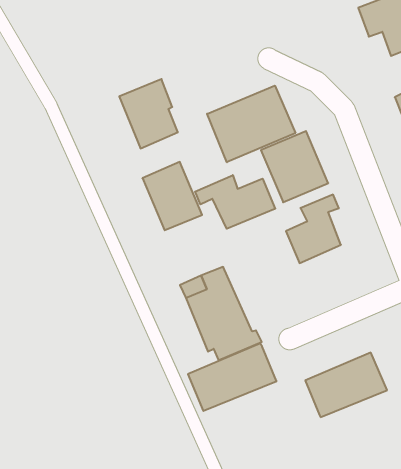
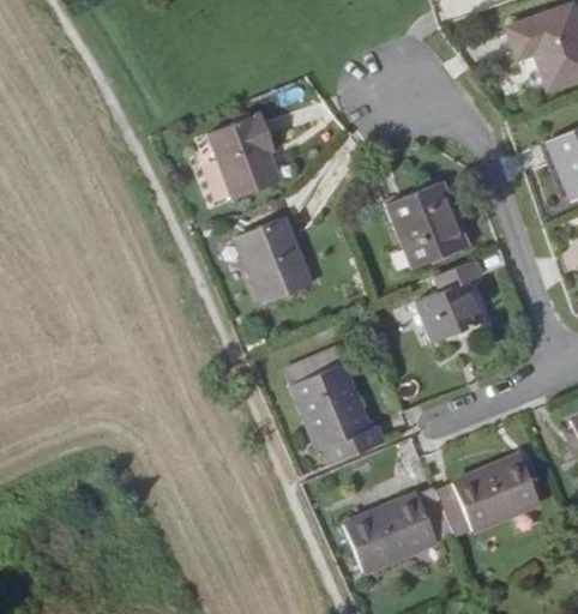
building: [207,86,295,162] -> none
building: [195,175,275,229] -> none
building: [188,343,277,411] -> [347,487,457,571]

